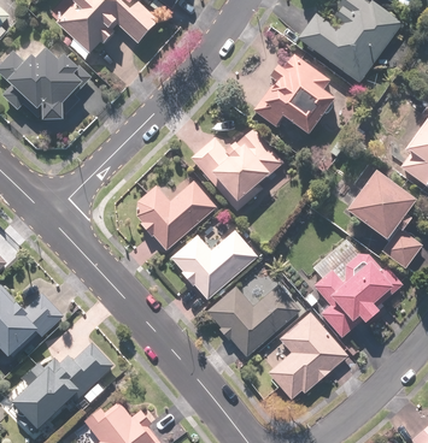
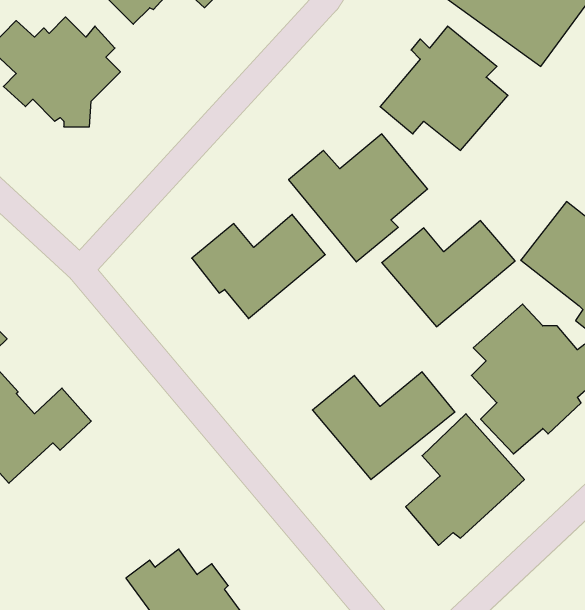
building: [170,229,258,299] -> [382,221,515,327]
building: [11,342,113,429] -> none

